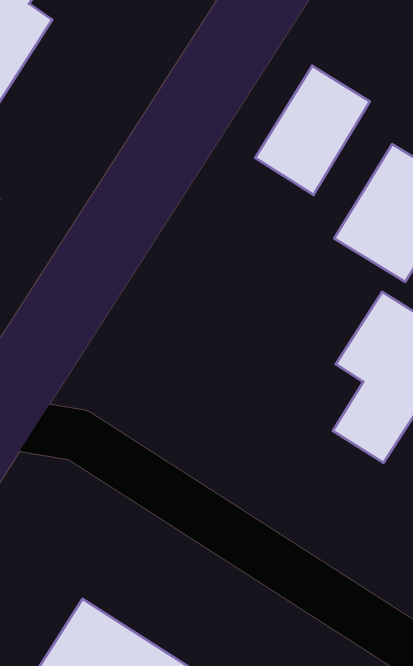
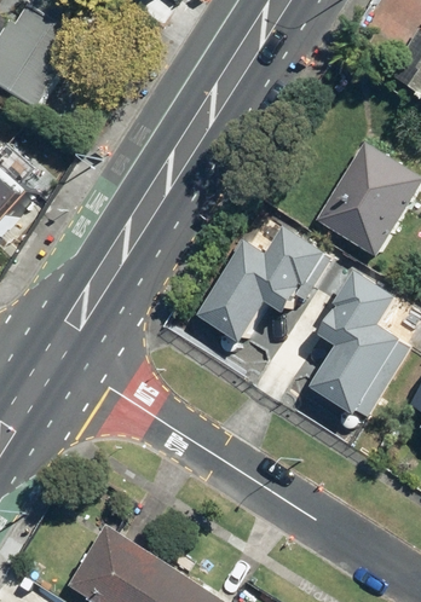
building: [255,66,370,195] -> none
building: none -> [198,221,325,336]

